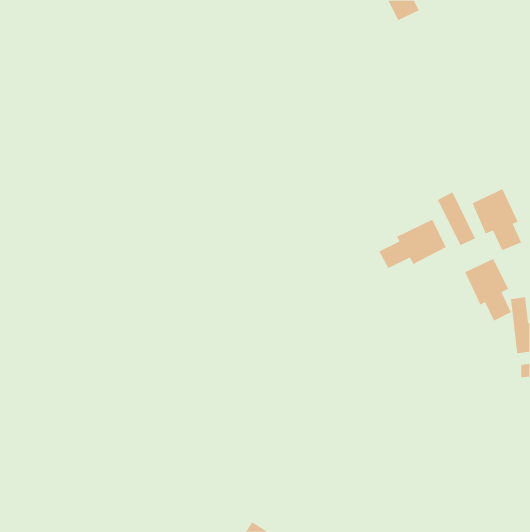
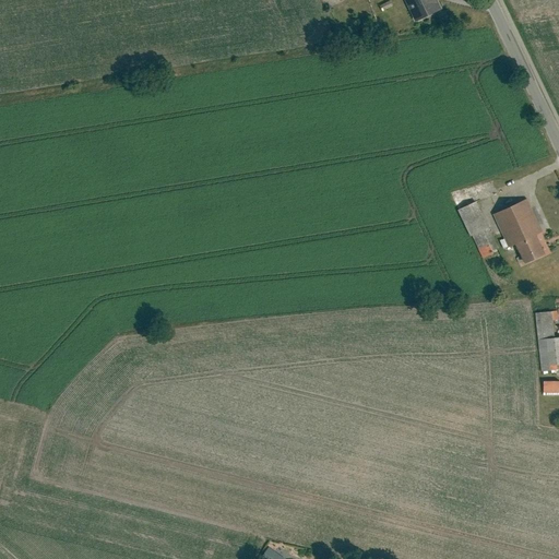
building: [379,219,446,269] -> none
building: [465,258,512,322] -> none

